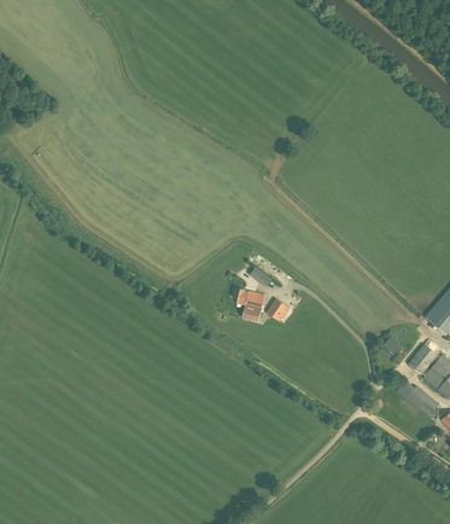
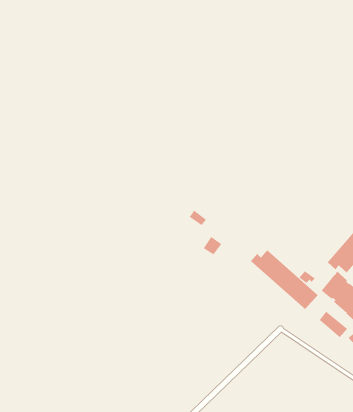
building: [232,287,263,321] -> none
building: none -> [250,250,319,310]

